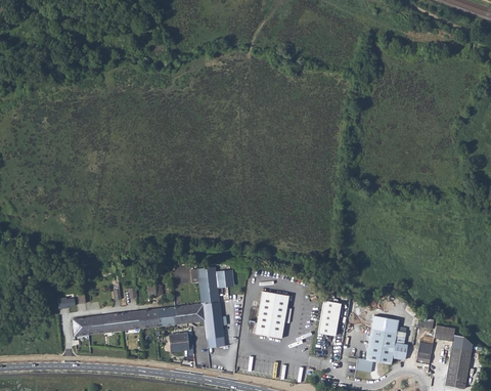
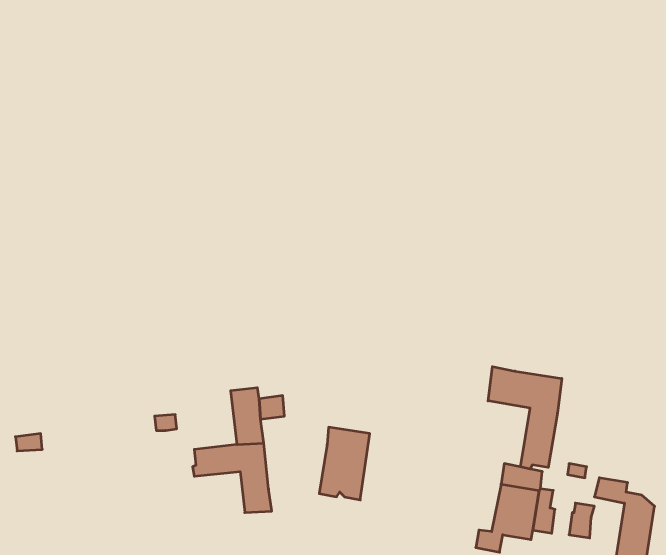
building: none -> [488,367,562,469]
building: [318,300,342,336] -> none
building: [72,306,175,335] -> none
building: [170,333,194,351] -> none

